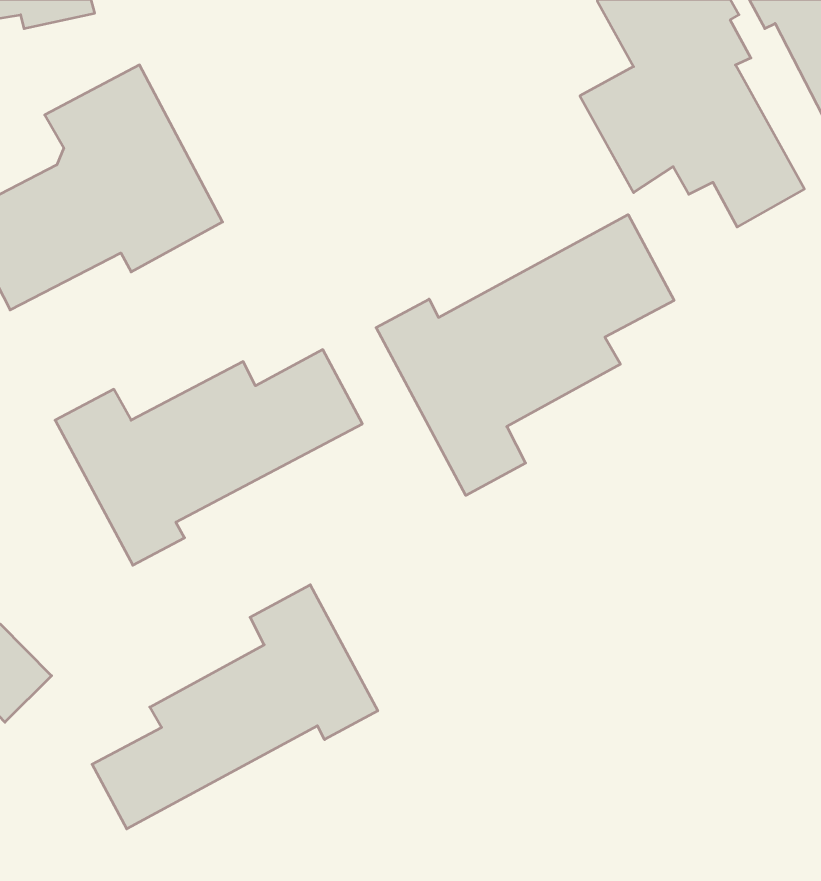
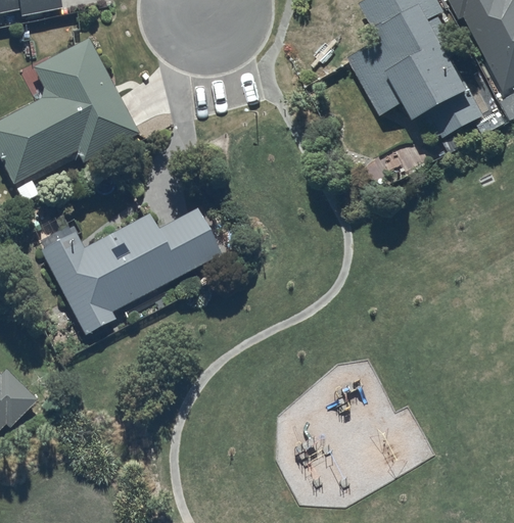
building: [376,215,674,495] -> none
building: [92,585,378,829] -> none

